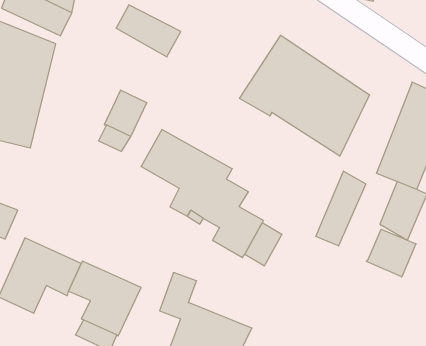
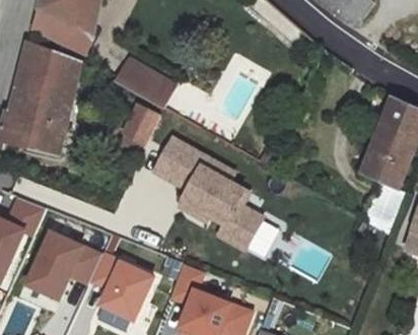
building: [116,5,181,57] -> [116,60,172,106]
building: [239,35,369,156] -> none
building: [316,171,366,246] -> none
building: [366,229,416,277] -> none

